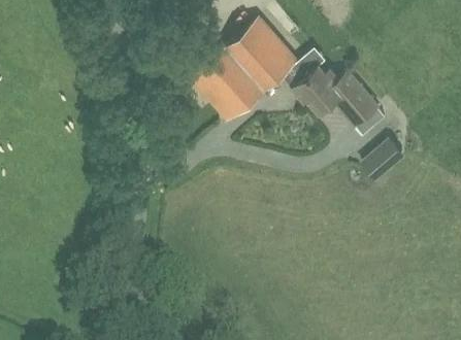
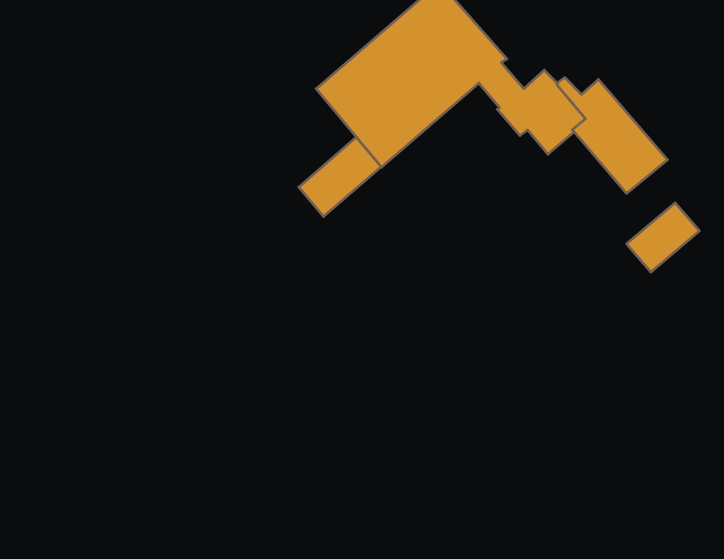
building: none -> [299,137,381,217]

